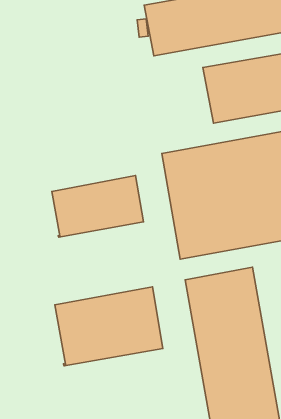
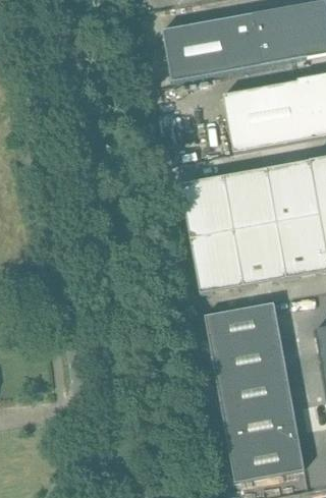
building: [52,175,143,237] -> none
building: [55,287,163,366] -> none

